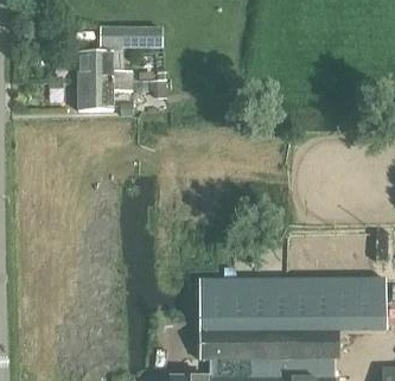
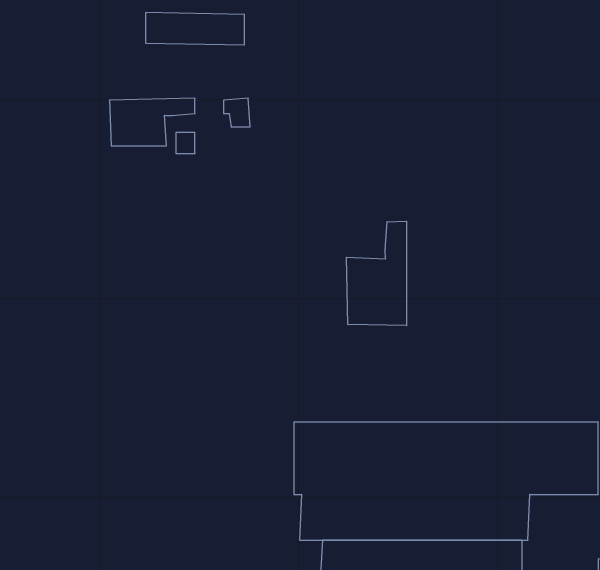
building: [77,52,130,81] -> none
building: none -> [346,221,407,326]

